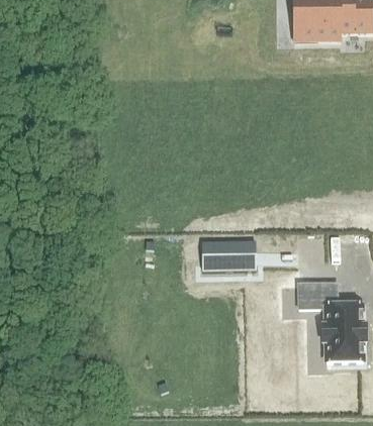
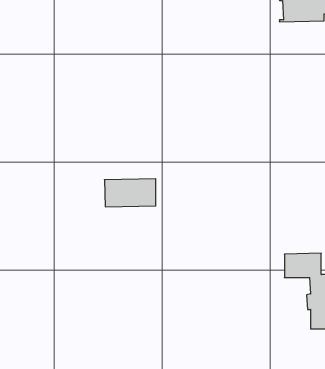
building: [200,240,254,270] -> [104,179,156,207]

